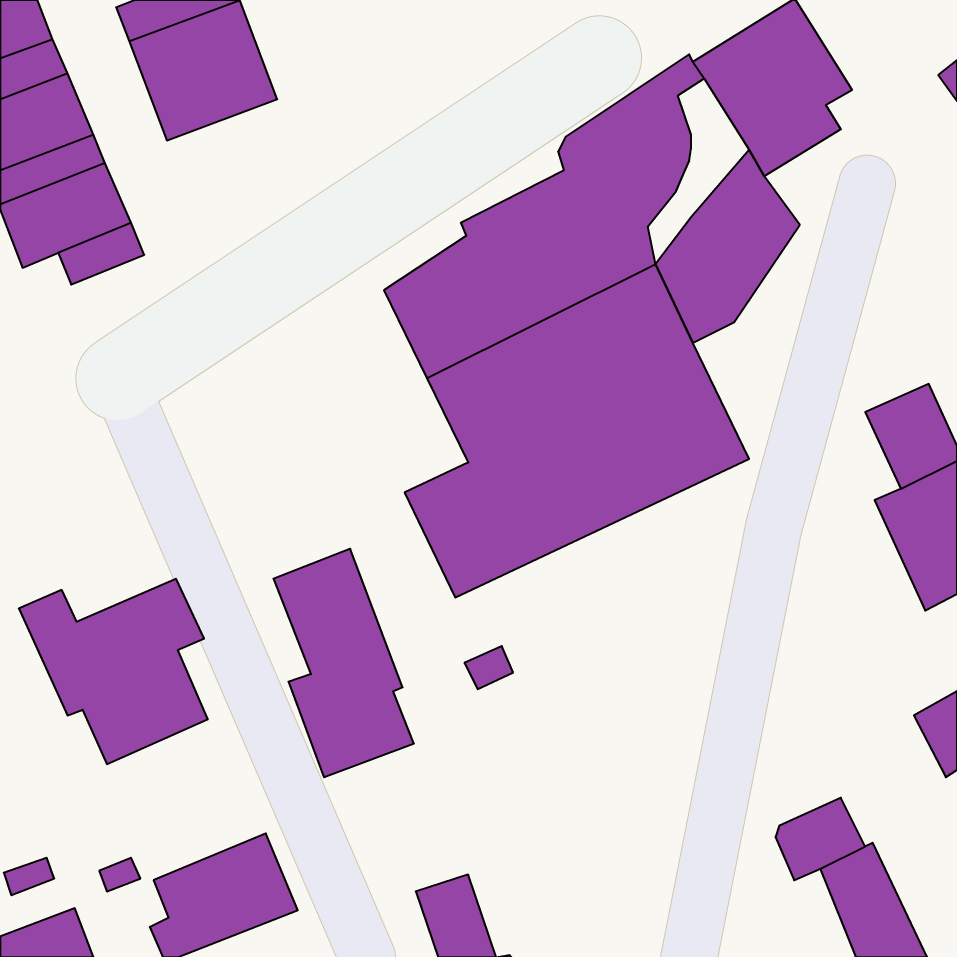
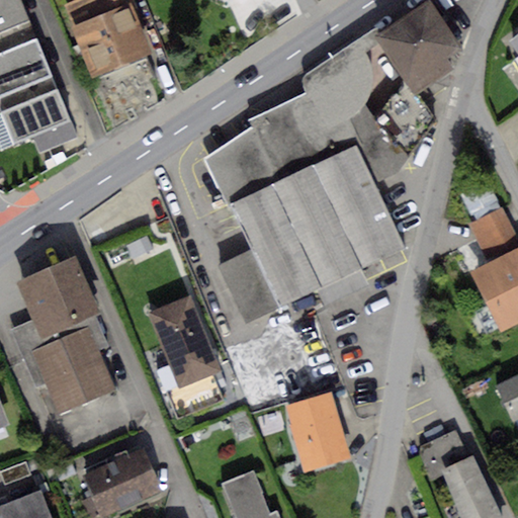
building: none -> [18,257,99,336]
building: none -> [285,392,350,471]

